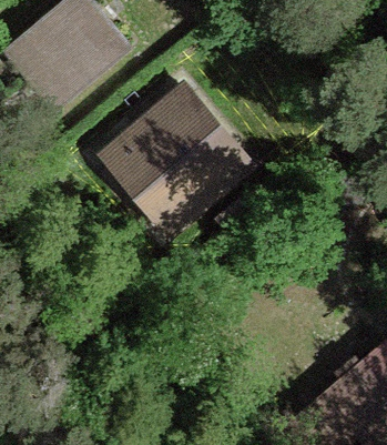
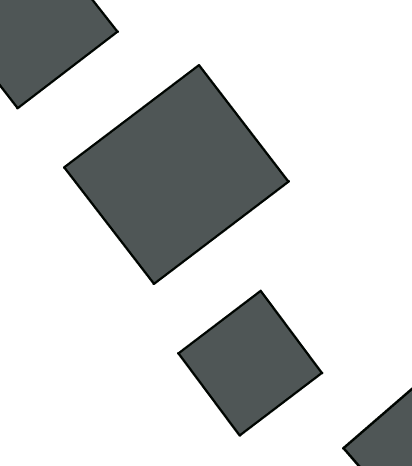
building: none -> [178,291,322,435]

